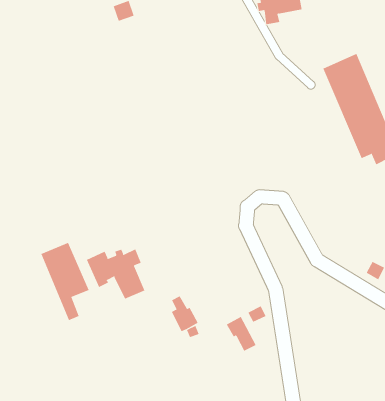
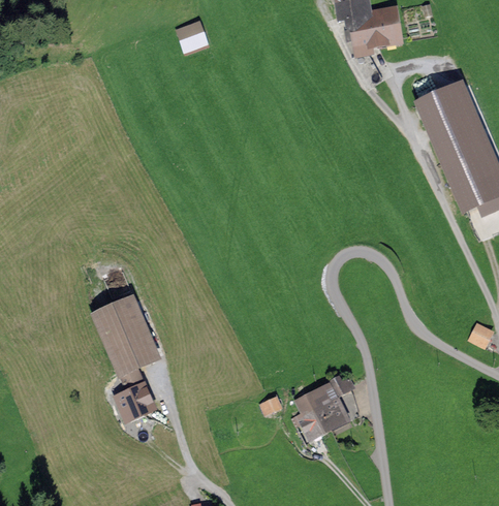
building: [86,248,145,299] -> none
building: [171,296,198,332] -> [300,394,331,436]
building: none -> [117,385,153,419]

